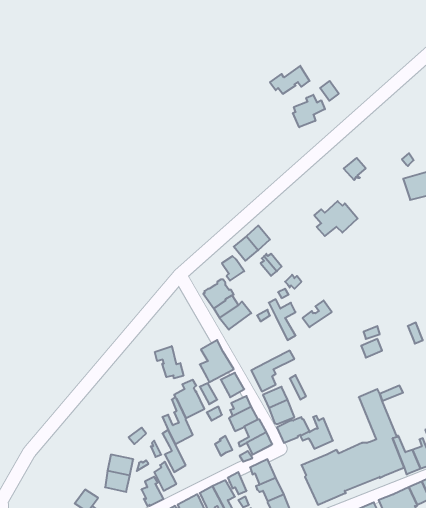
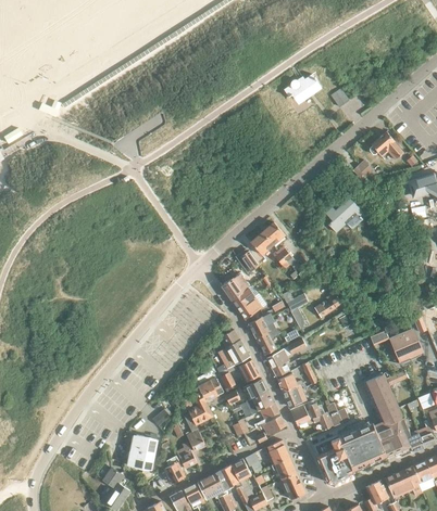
building: [293,95,325,127] -> none
building: none -> [370,131,402,159]
building: none -> [249,312,278,355]
building: none -> [391,330,421,359]
building: [155,346,183,378] -> none

